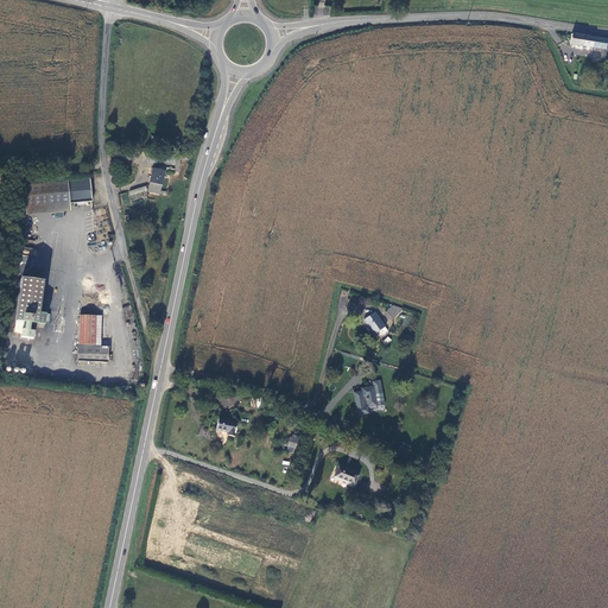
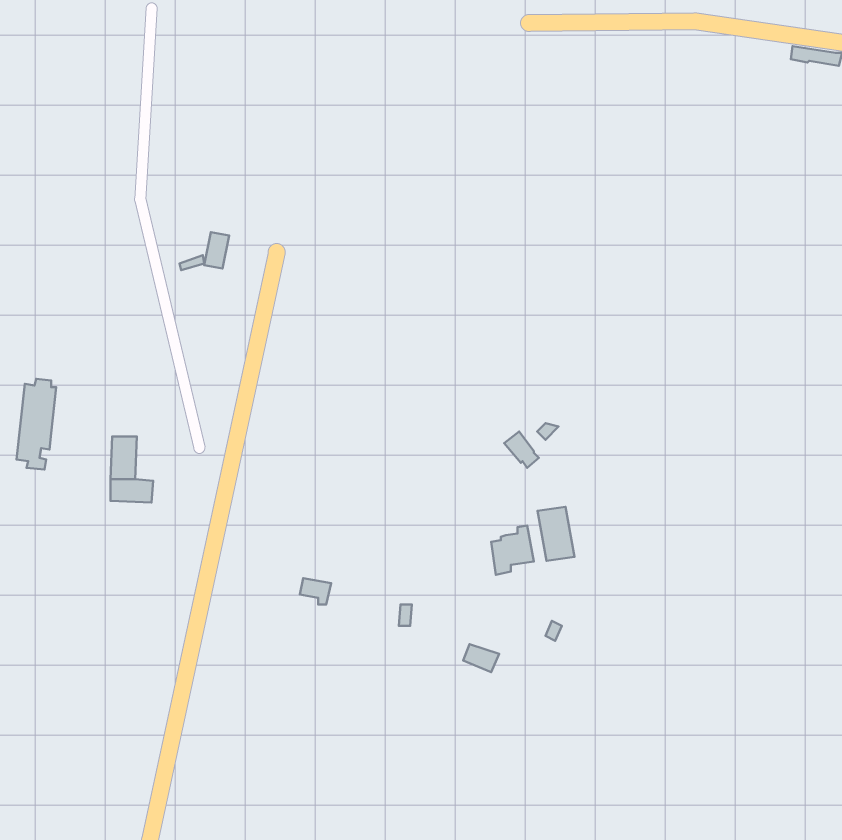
building: [21,178,91,208] -> none
building: none -> [537,507,575,561]

